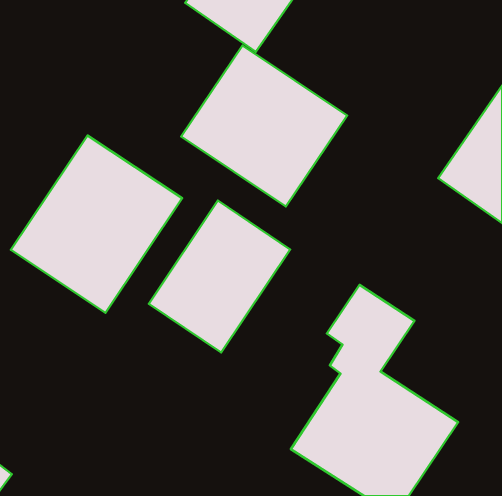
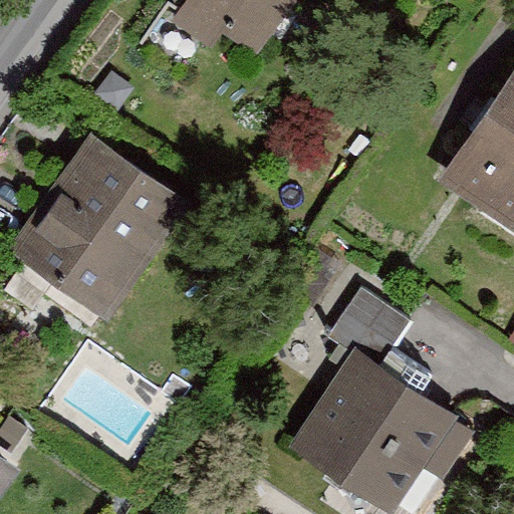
building: [181,46,347,206] -> none
building: [149,201,290,353] -> none

